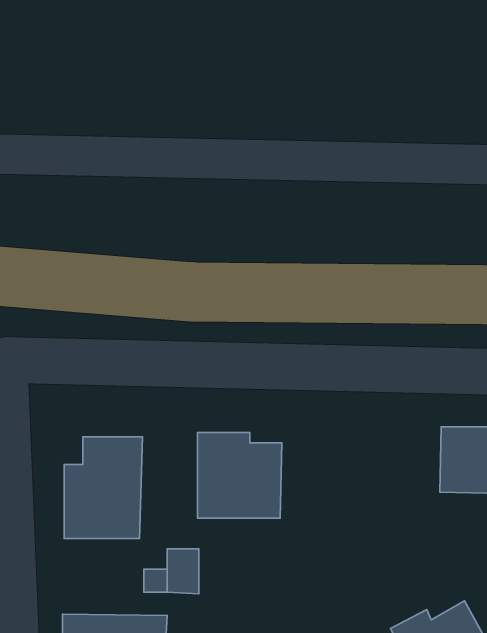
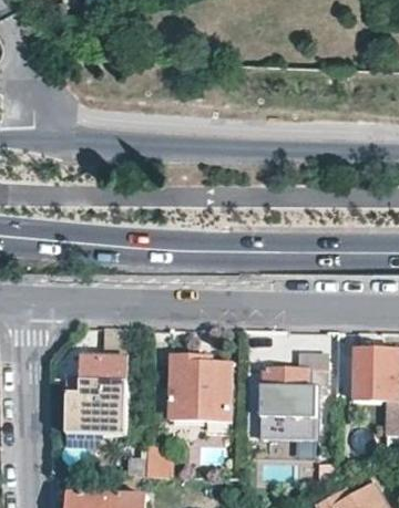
building: none -> [259,352,325,440]

